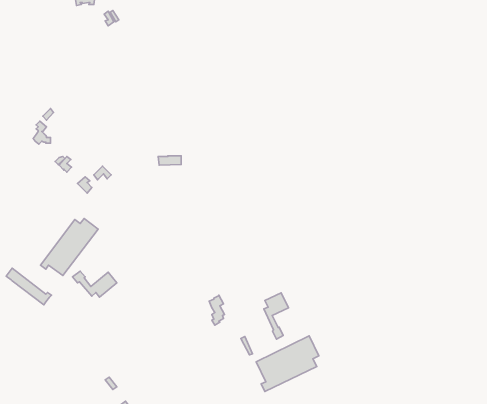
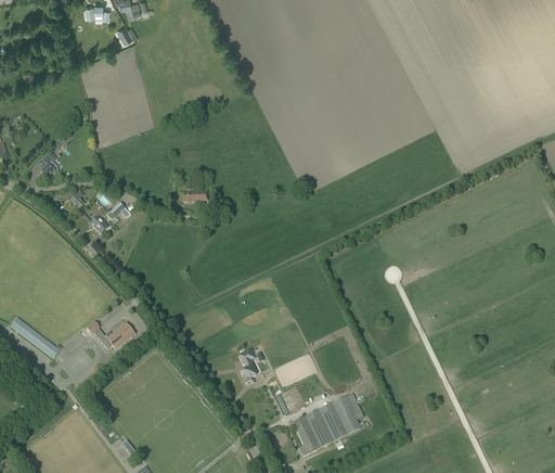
building: [40,219,98,276] -> none
building: [264,293,288,339] -> none

